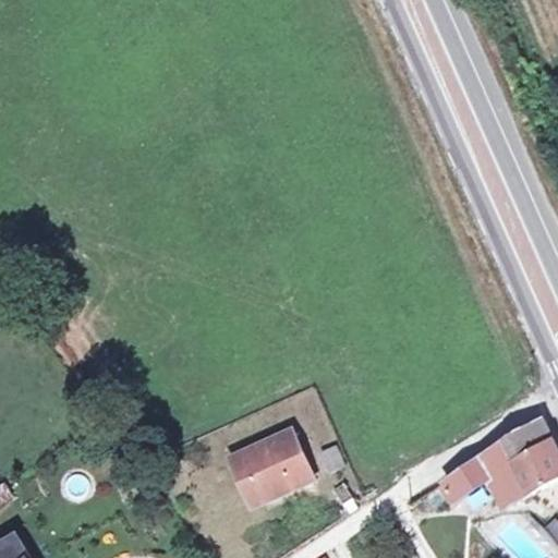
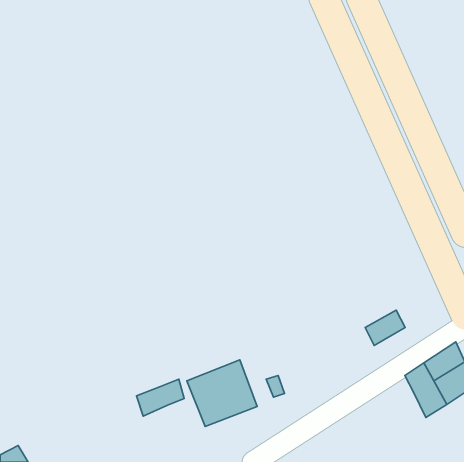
building: [449,449,497,492] -> [365,310,405,346]
building: none -> [136,379,184,416]

